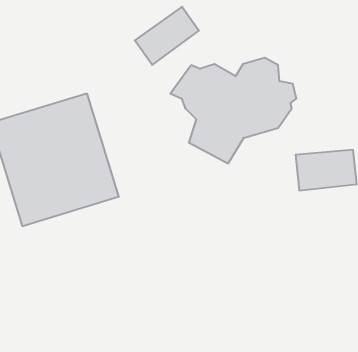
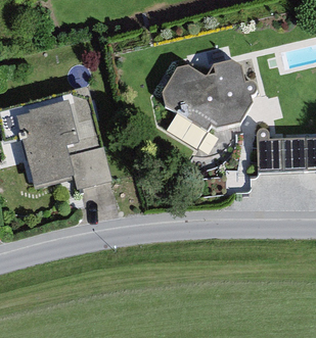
building: [135,7,199,65] -> none

